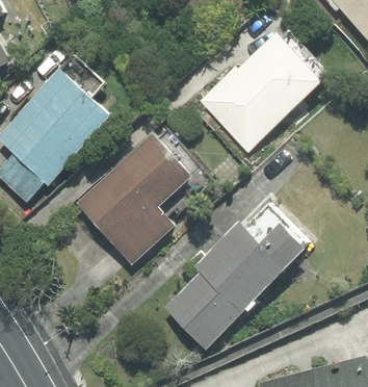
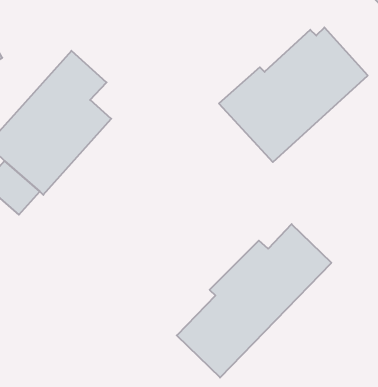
building: [76,131,210,263] -> none

